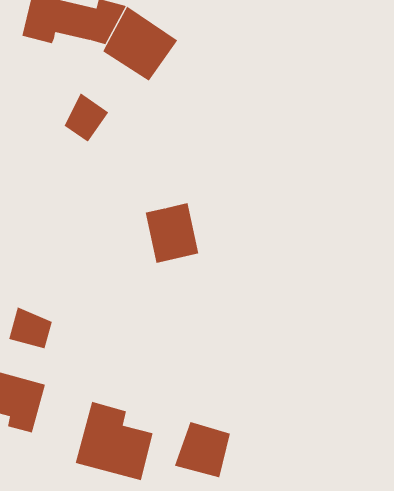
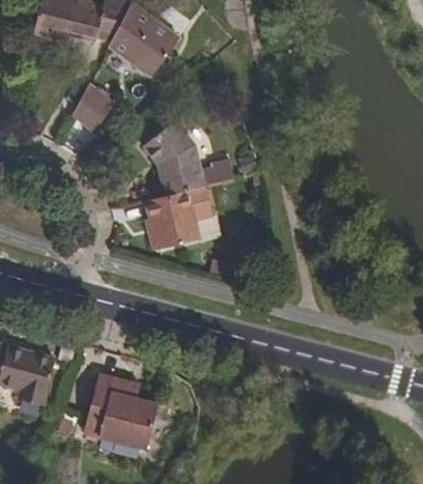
building: none -> [145,122,204,195]
building: [9,306,53,349] -> none
building: [174,421,231,478] -> none

